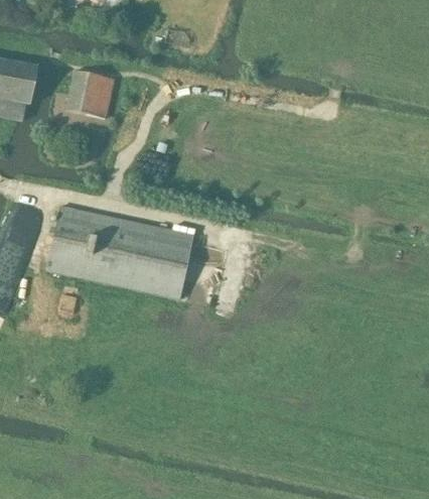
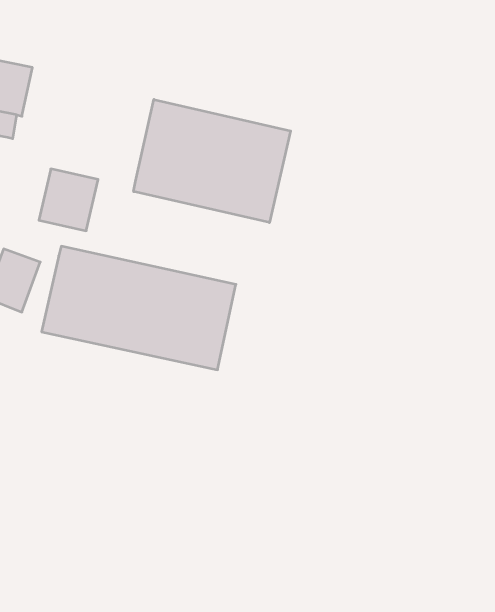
building: [65,71,111,118] -> [39,169,98,231]
building: none -> [134,99,291,223]

